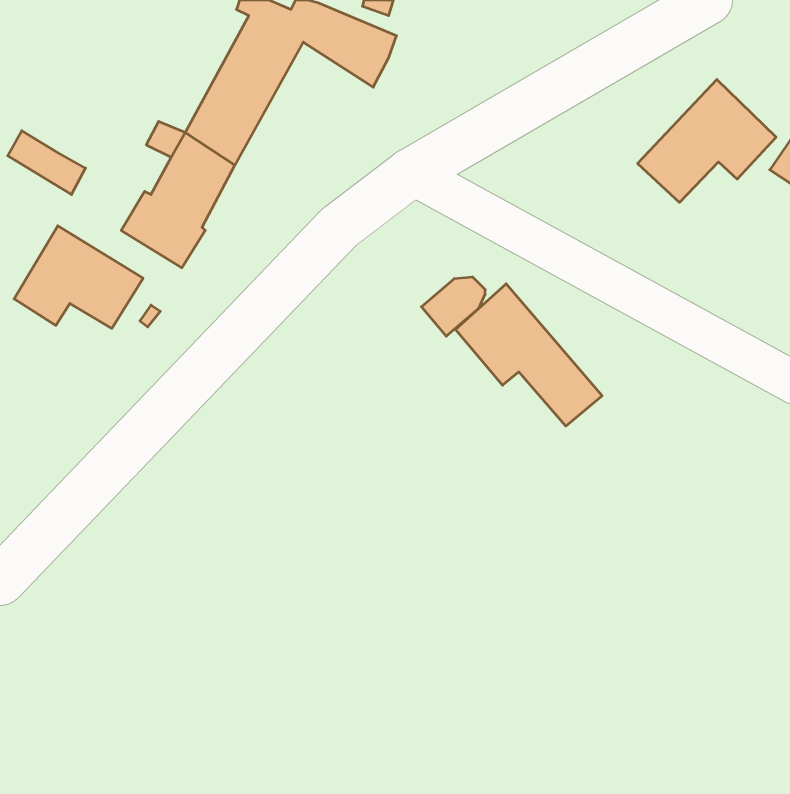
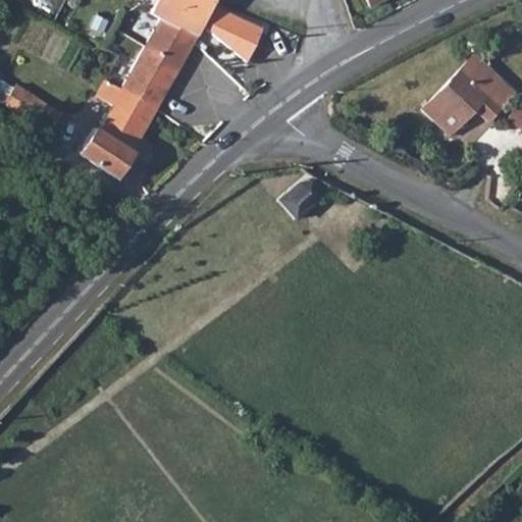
building: [14,226,143,328] -> none
building: [455,284,602,426] -> none

